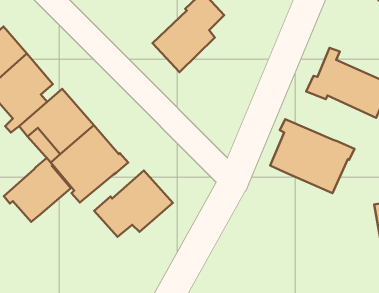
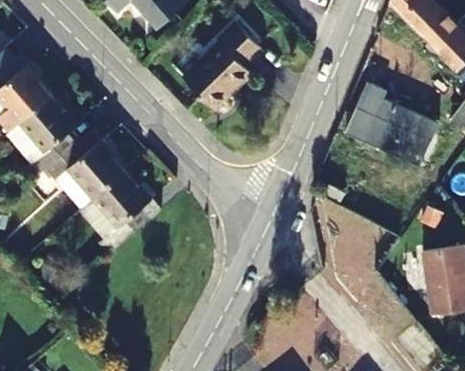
building: [270,119,355,193] -> none
building: [4,158,71,222] -> none
building: [94,170,173,237] -> none

